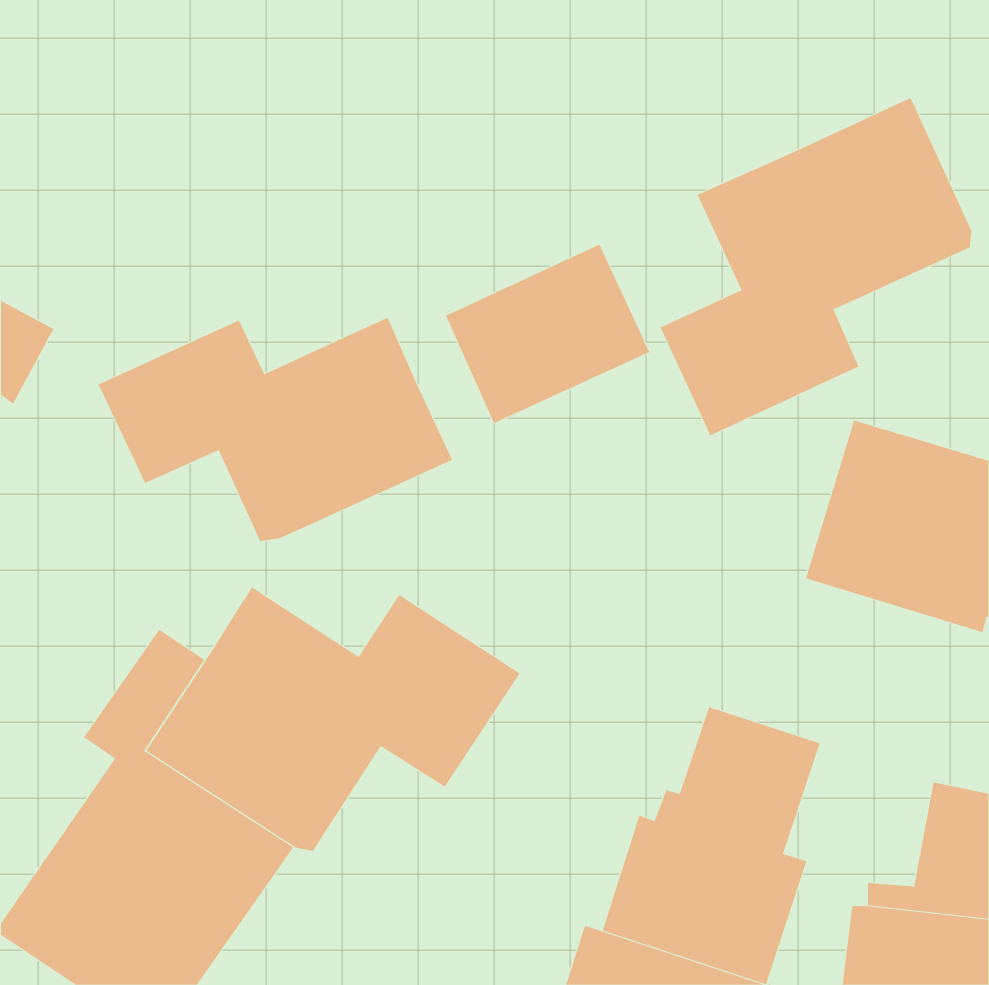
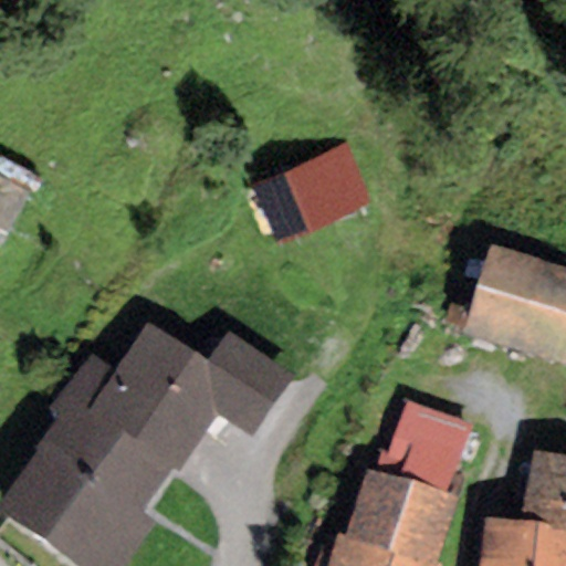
building: [660,97,972,436] -> none
building: [98,317,453,542] -> none

